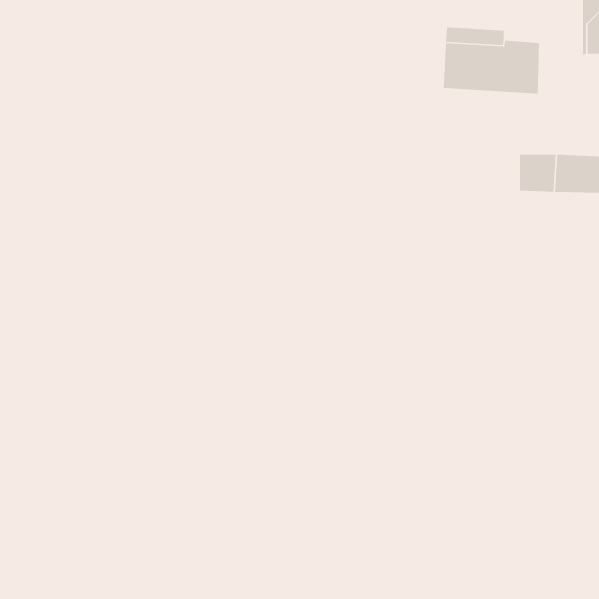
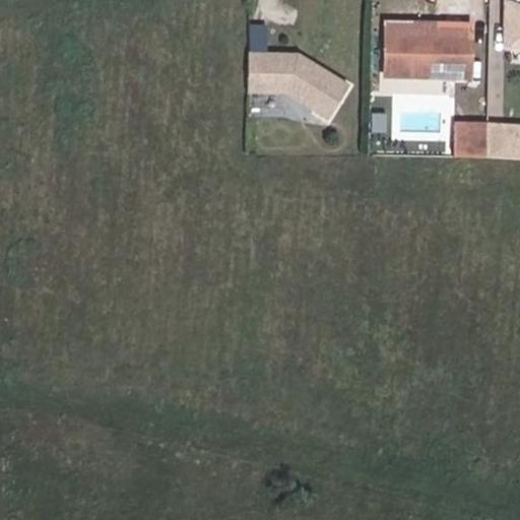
building: none -> [250,57,348,121]

